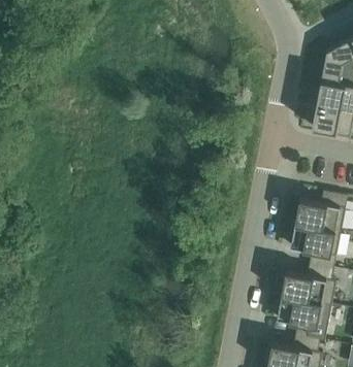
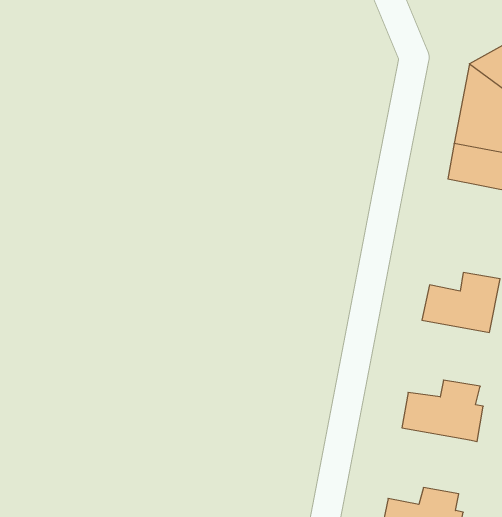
building: [291,225,341,269] -> none
building: [277,297,327,341] -> none

